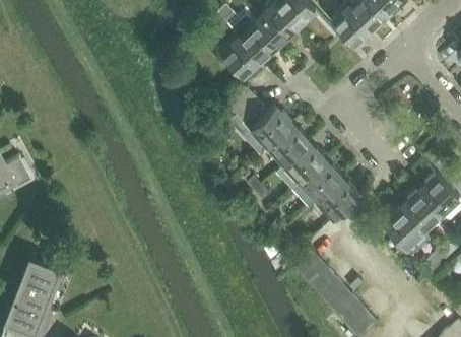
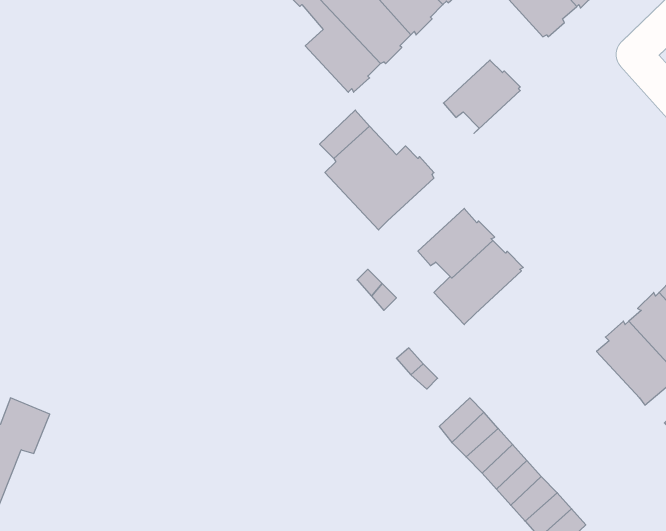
building: [265,126,309,167] -> [443,60,520,133]
building: [315,179,358,221] -> none

